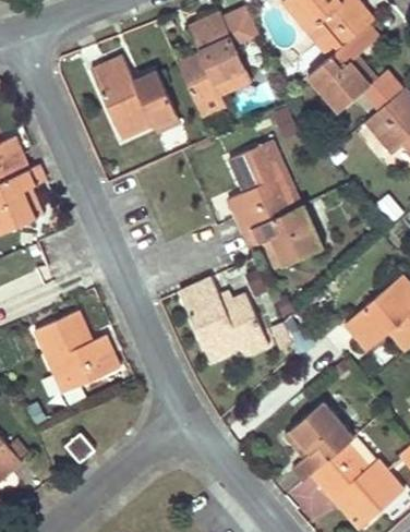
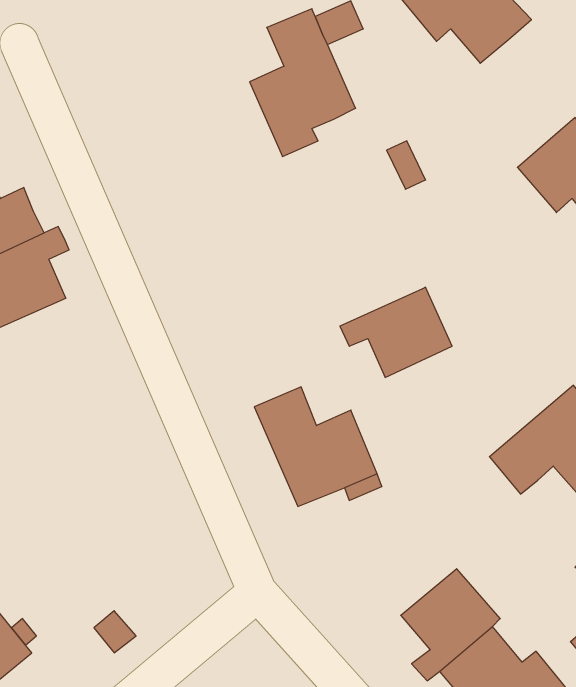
building: [309,33,377,111] -> none
building: [91,56,180,140] -> none
building: [225,141,298,233] -> none
building: [36,311,120,391] -> none

